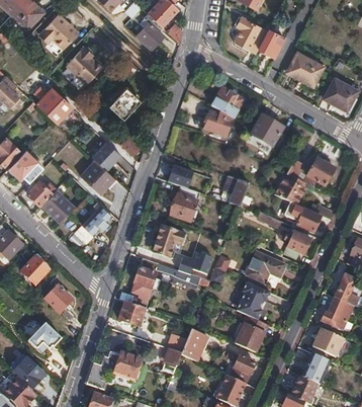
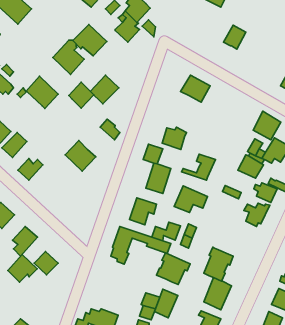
building: [40,13,79,49] -> [73,24,107,56]
building: [234,15,267,54] -> none
building: [287,53,324,86] -> none
building: [204,109,232,135] -> [162,127,186,149]
building: [251,112,282,145] -> [253,111,281,140]
building: [91,141,119,170] -> [69,82,94,108]
building: [40,189,74,222] -> none
building: [83,206,112,235] -> none
building: [247,250,284,280] -> [174,186,207,213]
building: none -> [156,253,190,284]
building: [117,299,144,324] -> none
building: [28,322,62,353] -> [8,255,37,282]

